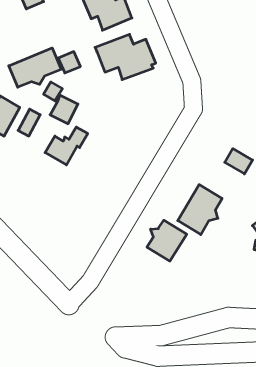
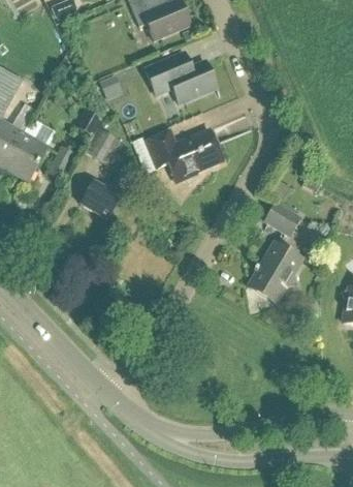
building: [9,48,61,87] -> none
building: none -> [143,135,222,188]
building: [225,149,253,174] -> [265,203,300,235]
building: [147,220,187,261] -> none

